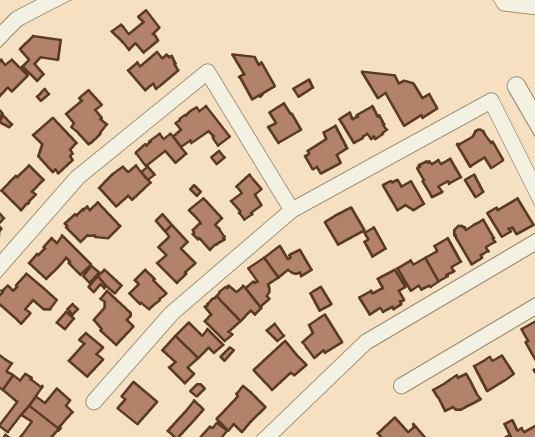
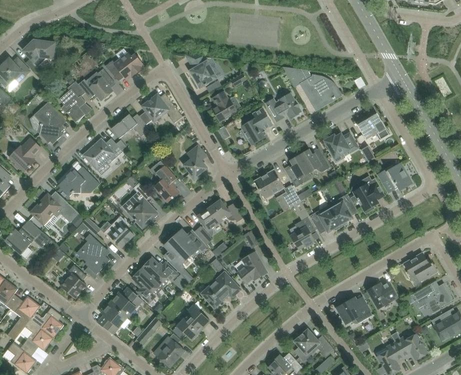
building: [112,10,159,53] -> [77,68,113,100]
building: none -> [285,153,309,187]
building: none -> [109,287,142,317]

